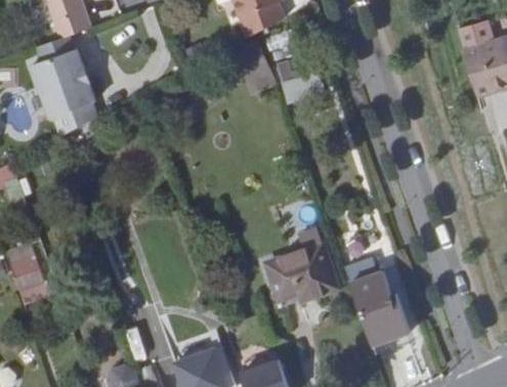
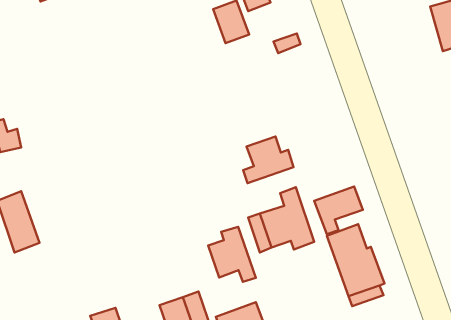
building: [31,46,97,133] -> none
building: none -> [243,136,294,183]
building: none -> [208,227,256,282]

